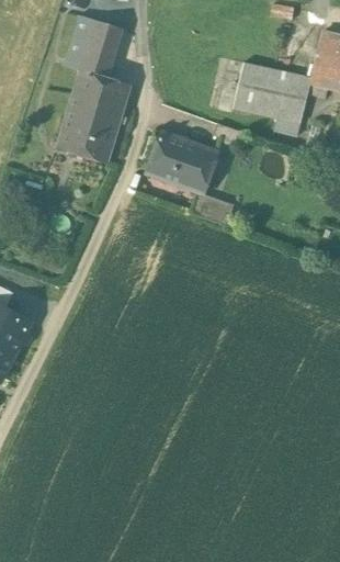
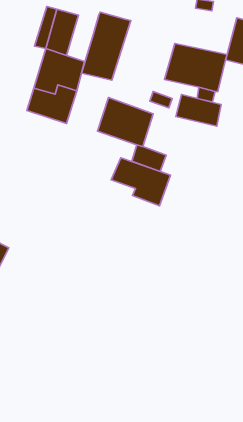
building: none -> [81,12,131,80]
building: none -> [176,95,221,126]
building: none -> [111,158,171,206]

